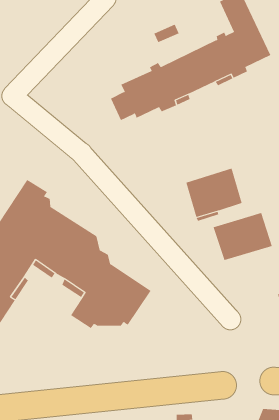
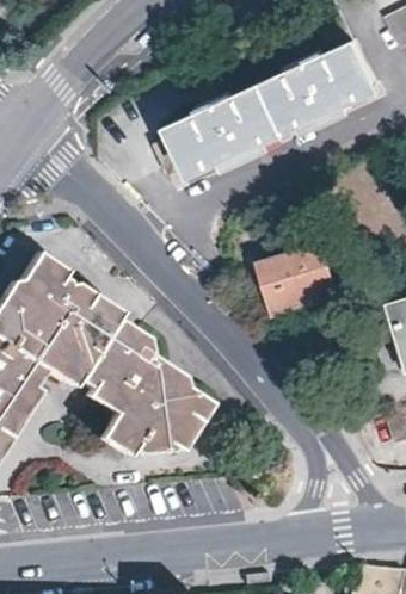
building: [213,212,272,261] -> none

